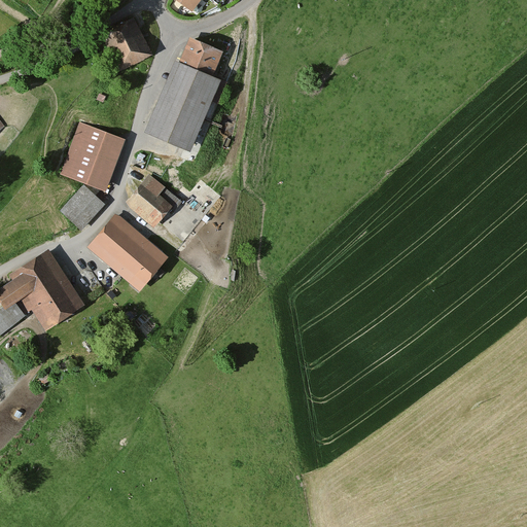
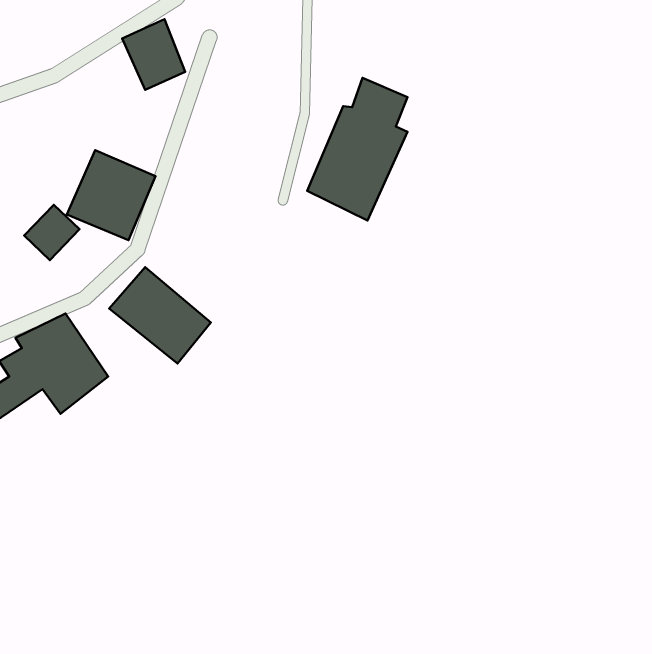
building: [147,36,227,150] -> [307,78,407,220]
building: [126,173,182,227] -> none
building: [55,184,99,229] -> [24,205,80,260]

